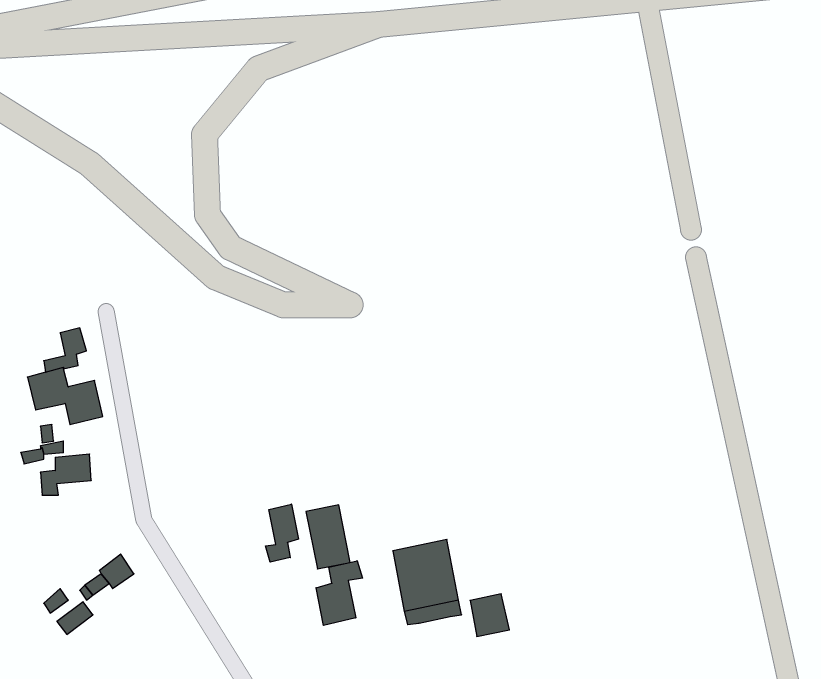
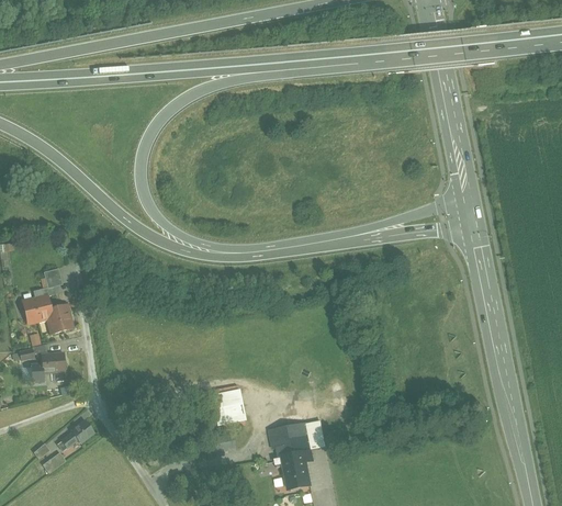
building: [266,504,298,562] -> none
building: [316,561,363,625] -> none
building: [470,594,509,636] -> [285,462,312,491]

